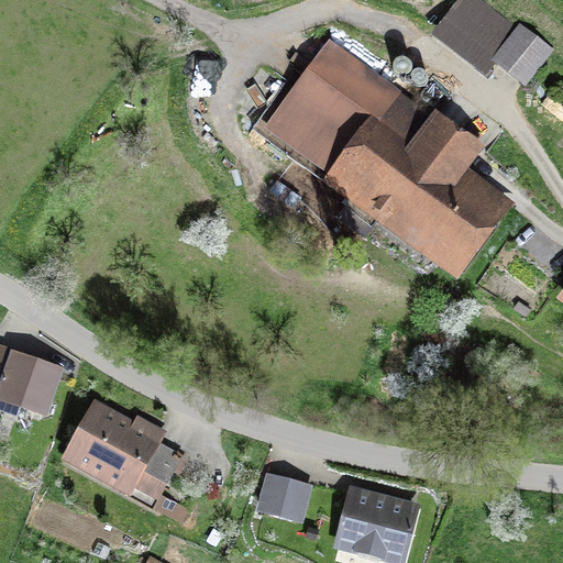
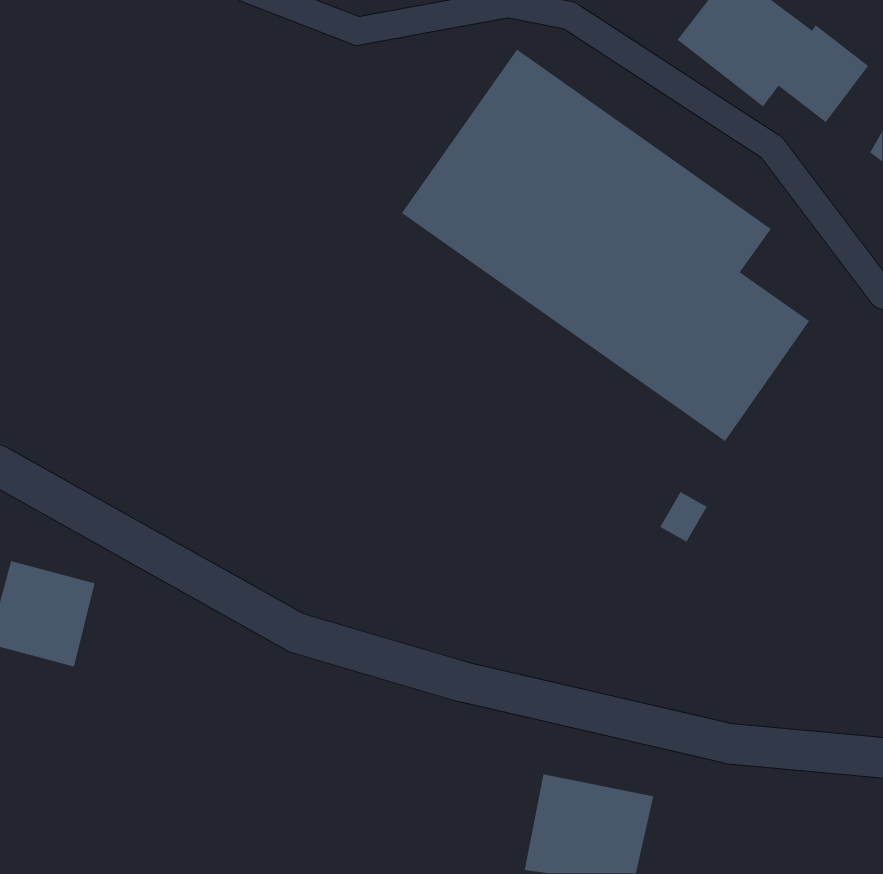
building: [64,405,180,506] -> none
building: [256,477,307,528] -> none

